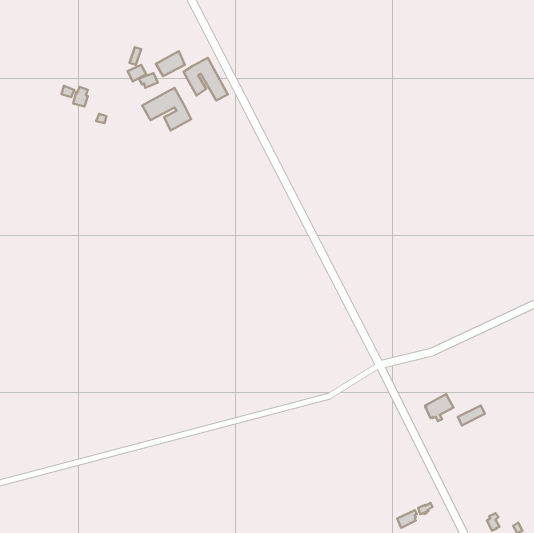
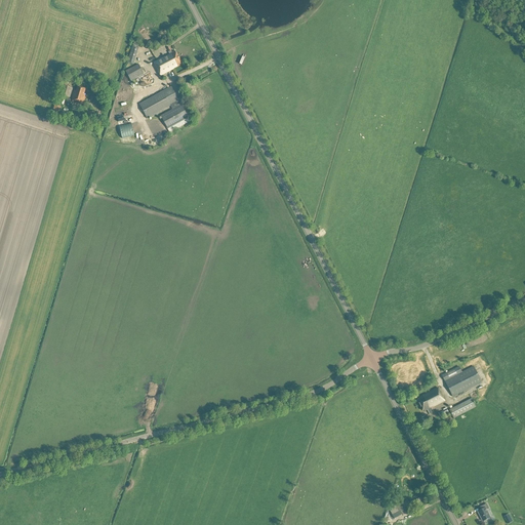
building: [184,58,228,101] -> none
building: none -> [442,366,481,396]

